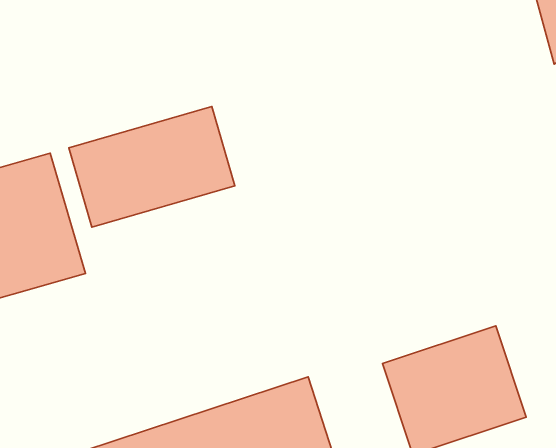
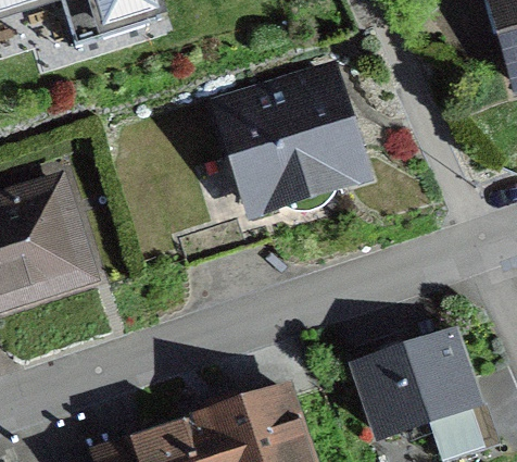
building: none -> [214,68,365,208]
building: [69,107,235,227] -> none

